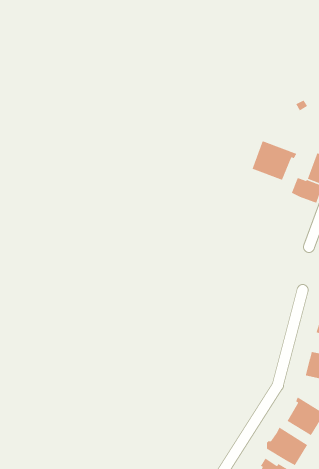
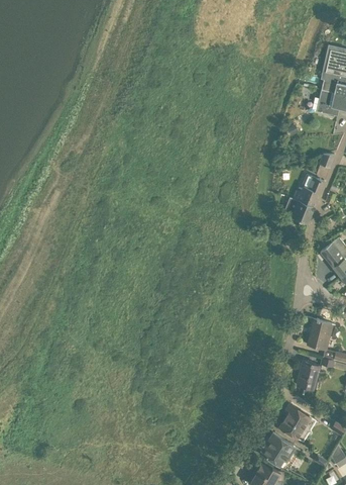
building: [251,140,298,181] -> none

